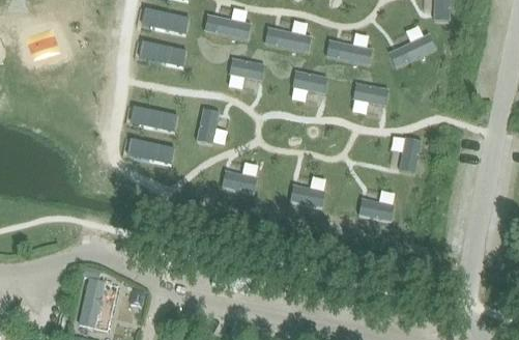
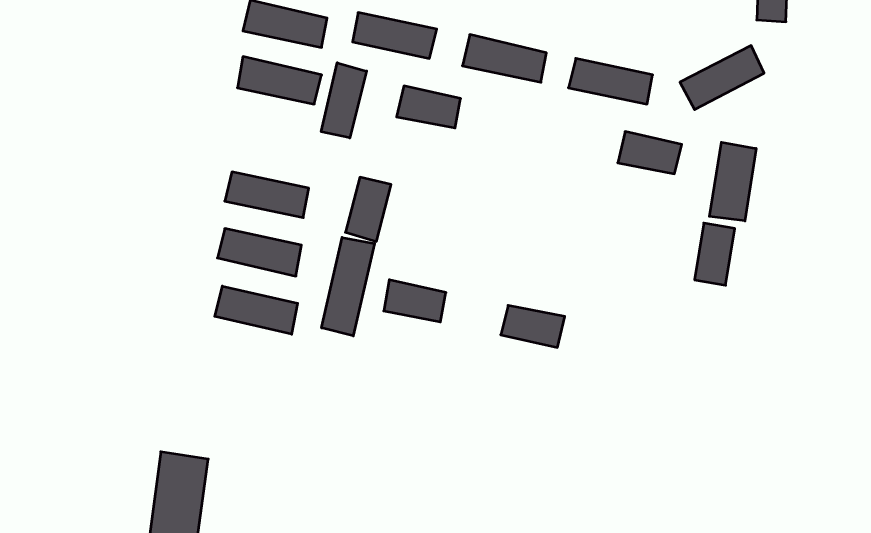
building: none -> [321,63,367,138]
building: [290,70,326,94] -> none
building: none -> [709,142,756,221]
building: none -> [322,237,375,336]
building: none -> [215,286,298,334]
building: [355,194,392,218] -> none

